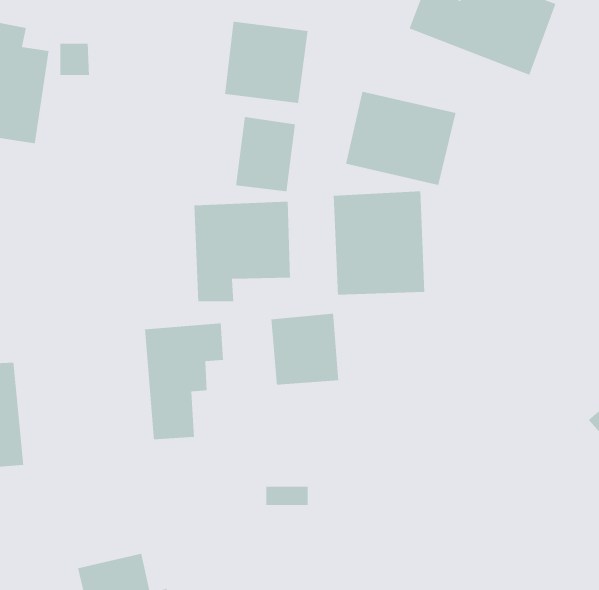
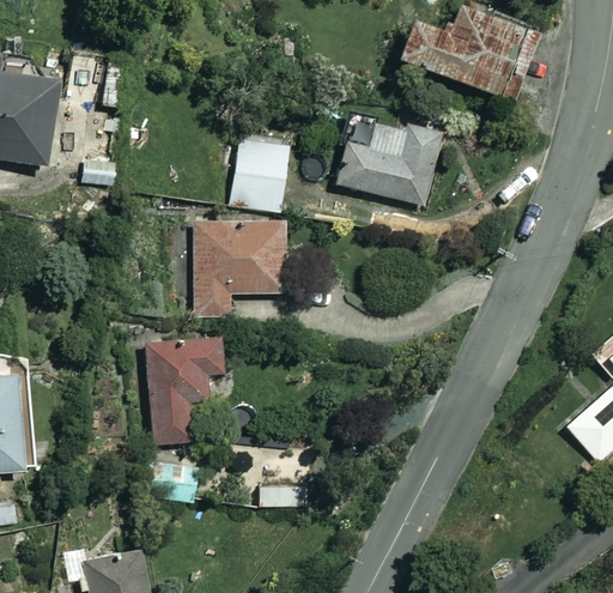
building: [224,21,308,104] -> none
building: [333,191,425,296] -> none
building: [271,313,339,386] -> none

